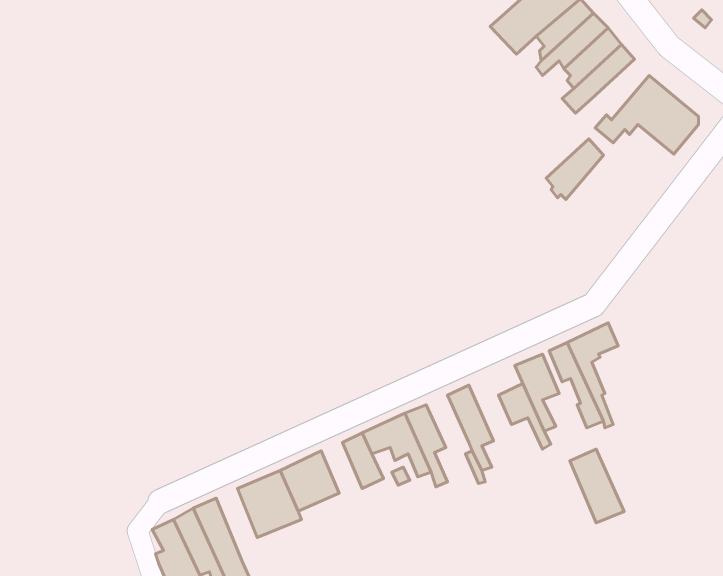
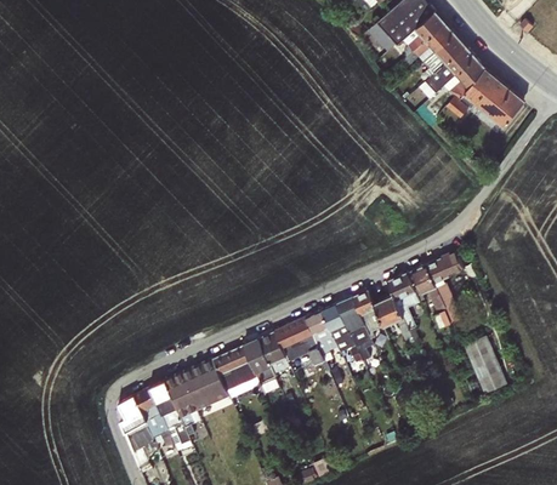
building: [546,139,604,200] -> [443,56,485,101]
building: none -> [352,291,383,338]
building: none -> [320,304,352,347]
building: none -> [243,339,274,383]
building: [570,449,624,523] -> [465,337,505,392]
building: none -> [165,373,200,428]

